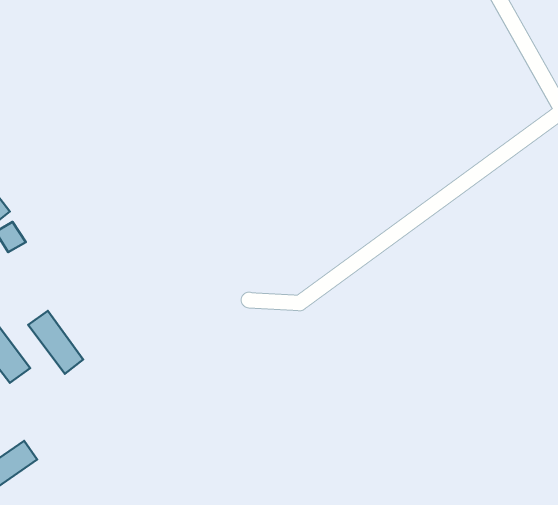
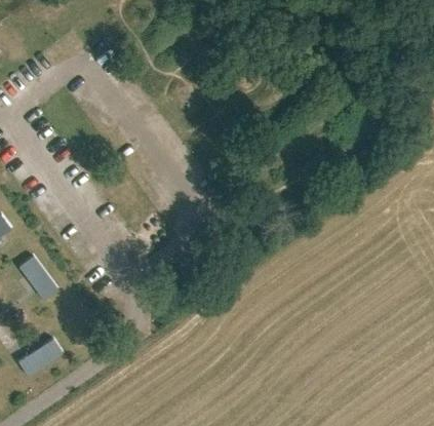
building: [28,311,83,374] -> none

